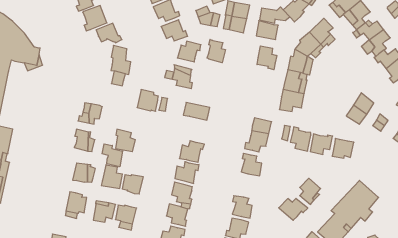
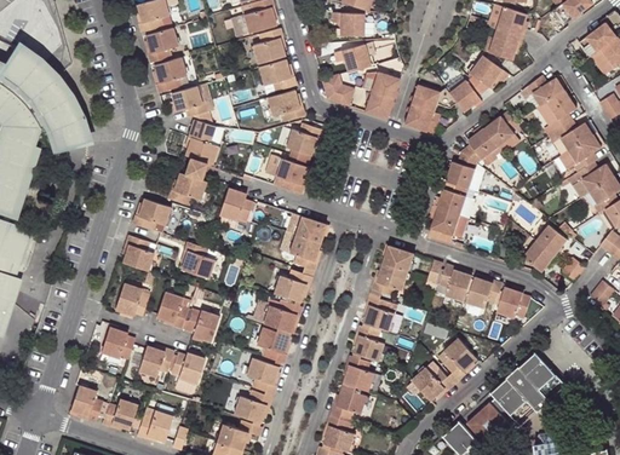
building: [207,39,225,63] -> none
building: [257,46,277,70] -> none
building: none -> [168,173,207,205]
building: none -> [291,234,321,270]
building: [102,144,123,167] -> none
building: none -> [355,327,385,362]

